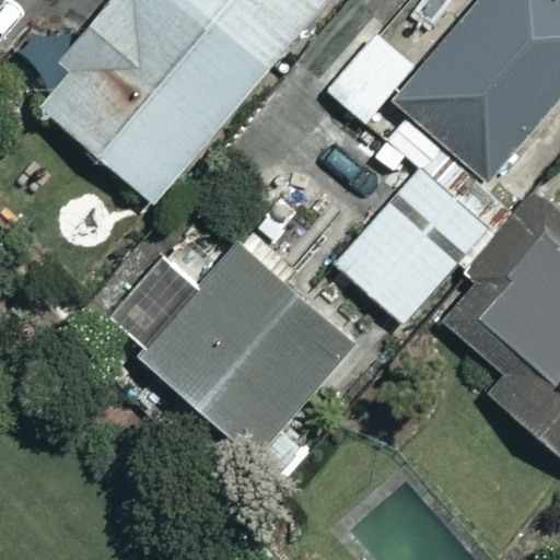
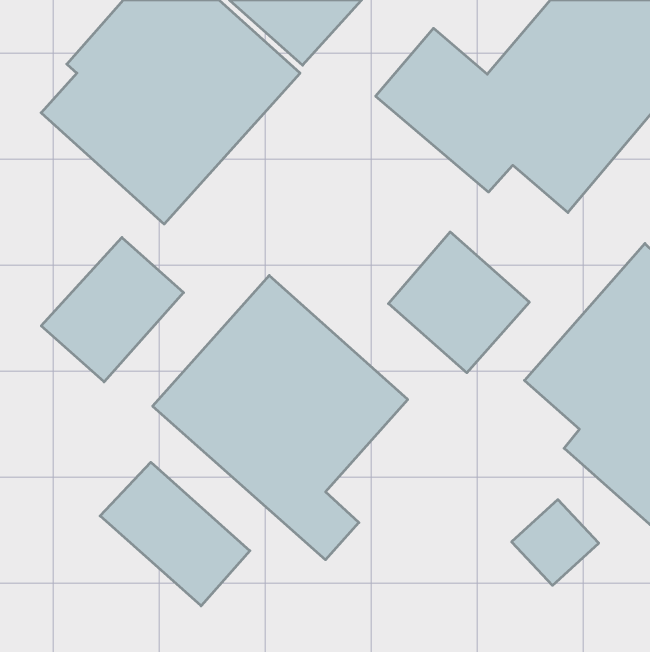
building: none -> [41,237,184,382]
building: none -> [100,462,250,606]

